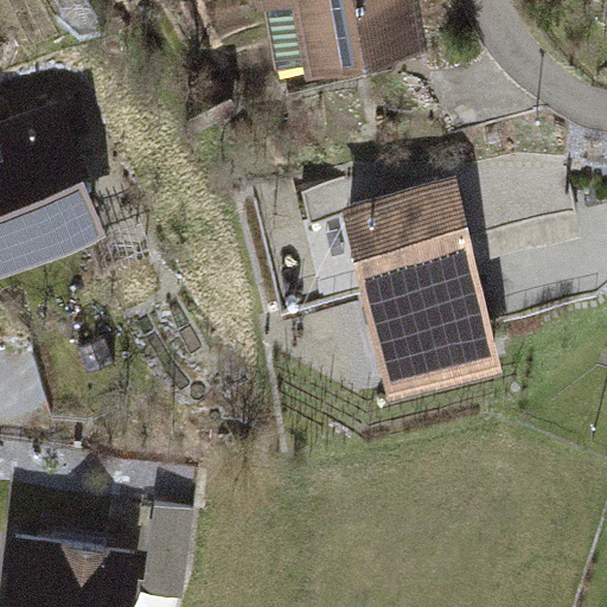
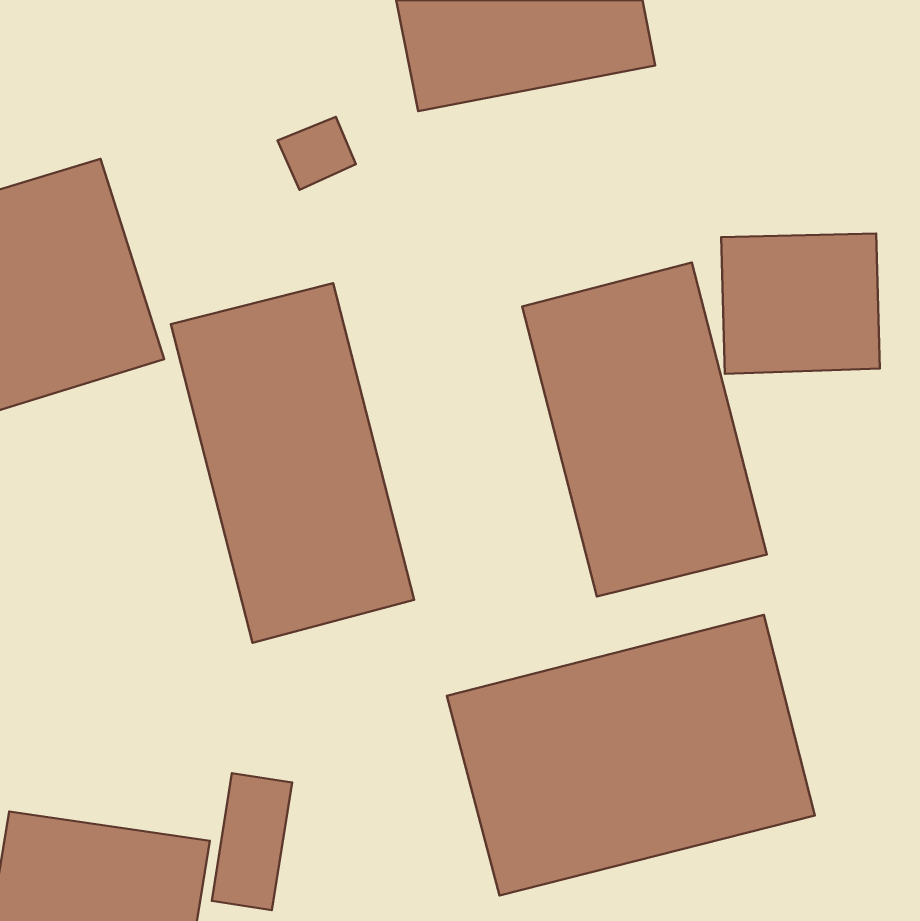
building: none -> [171,283,414,643]
building: none -> [447,615,815,896]

